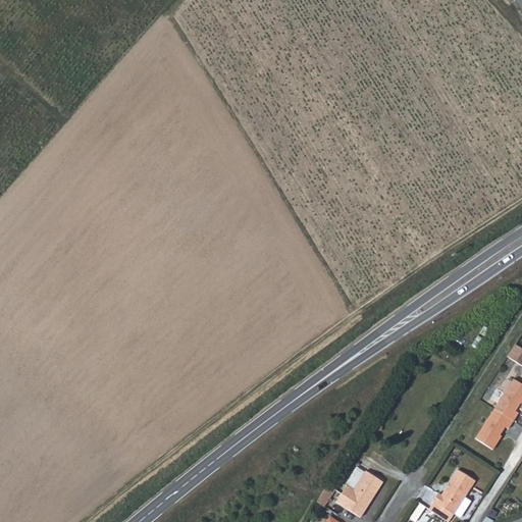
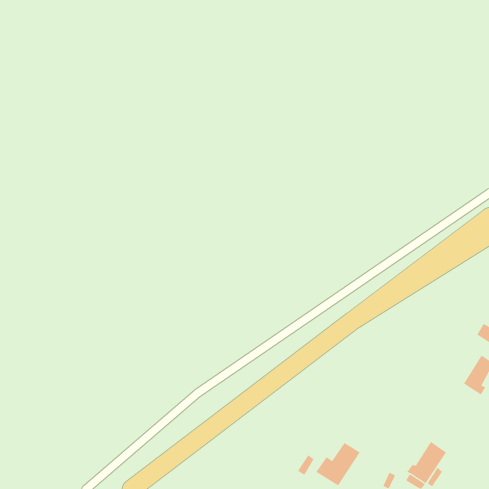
building: [475,408,513,450] -> none

